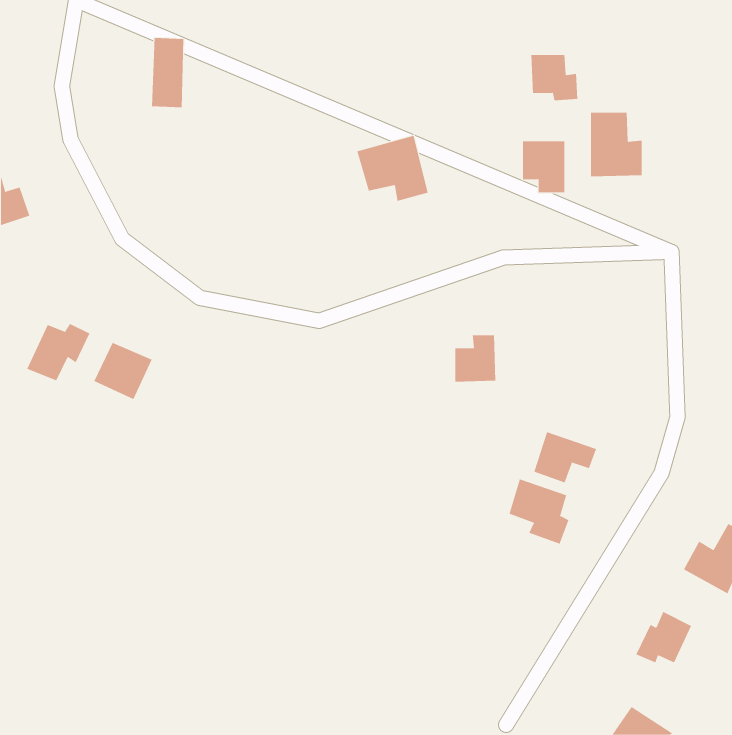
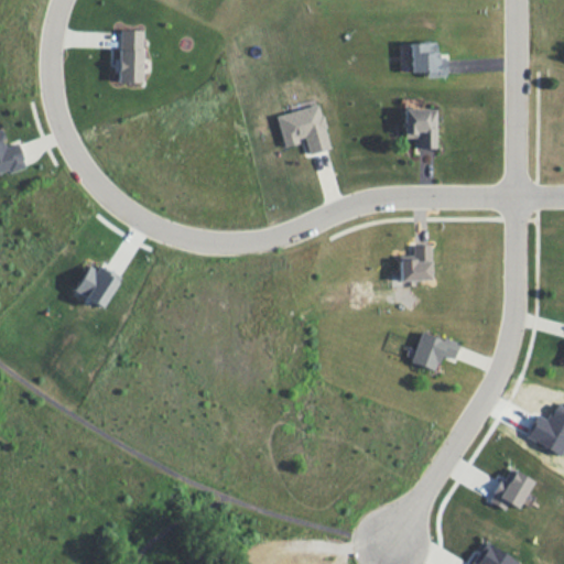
building: [591,112,642,177] -> none
building: [27,323,90,381] -> none
building: [454,335,496,382] -> [399,245,431,281]
building: [509,479,569,544] -> none

